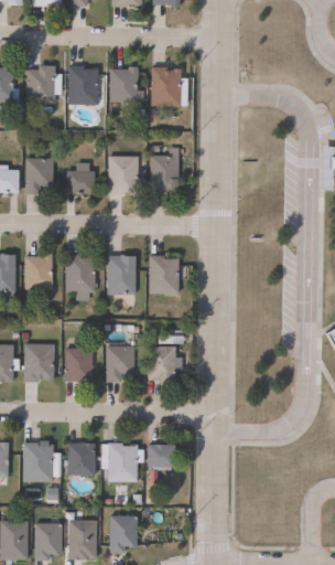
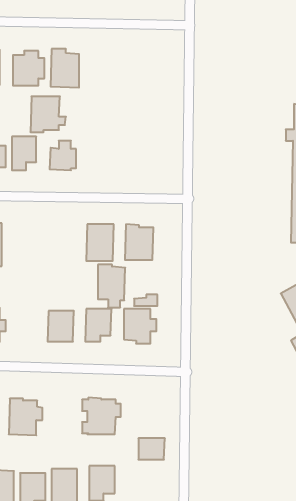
building: [110,67,144,103] -> none
building: [151,67,188,107] -> none
building: [151,148,181,193] -> none
building: [108,154,147,193] -> [30,96,66,132]
building: [25,253,53,289] -> none
building: [66,253,96,299] -> [98,265,125,307]
building: [23,342,55,382] -> none
building: [67,441,96,475] -> none
building: [149,444,177,467] -> [138,438,165,460]

